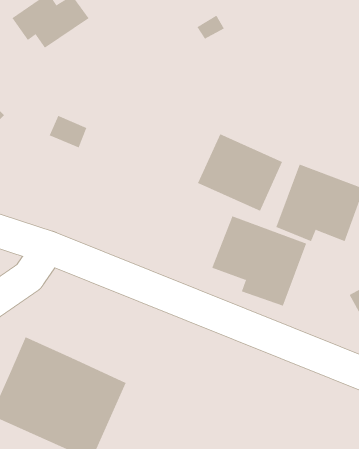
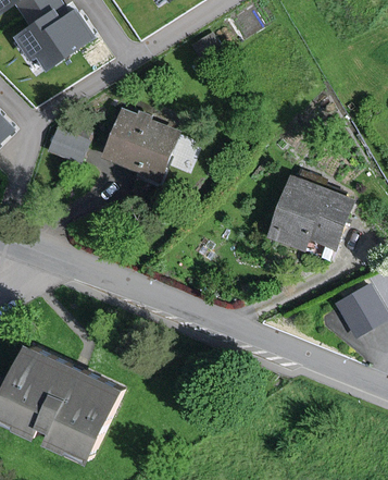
building: [197,133,283,211] -> [99,109,182,184]
building: [212,215,307,307] -> none

